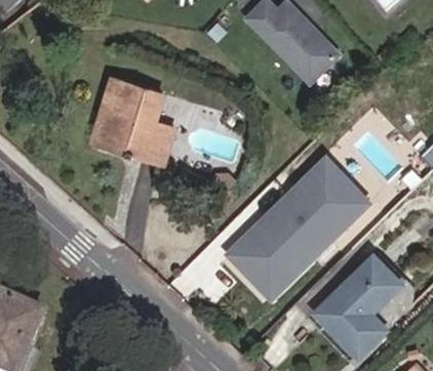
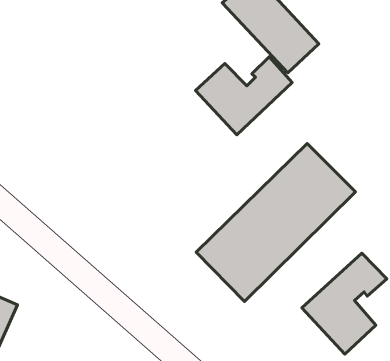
building: none -> [196,57,292,135]
building: [94,80,170,160] -> none

